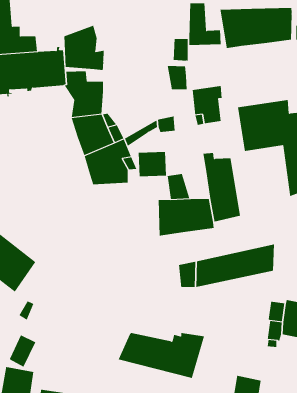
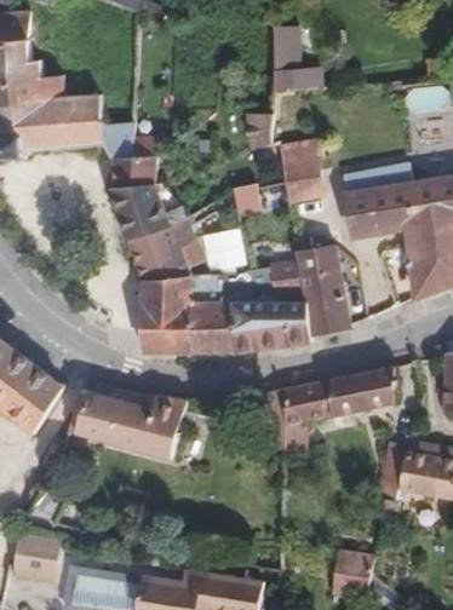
building: [220,7,292,49] -> none
building: [64,25,104,71] -> none
building: none -> [266,260,304,301]
building: none -> [142,280,234,353]
building: [118,333,205,379] -> [67,395,188,459]

